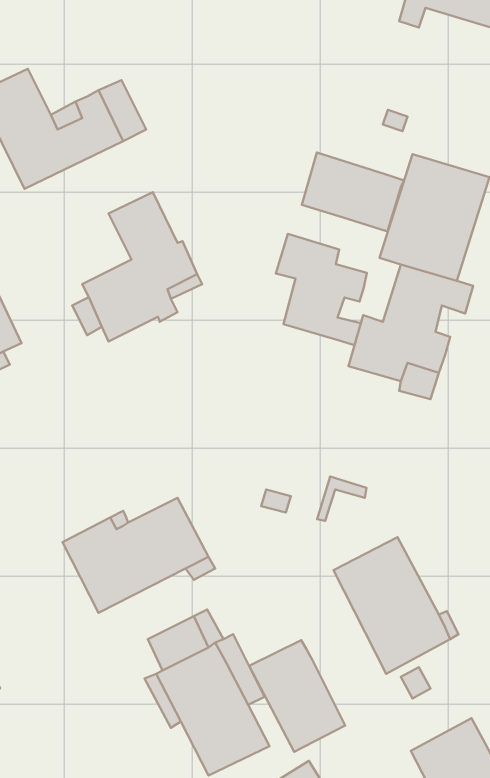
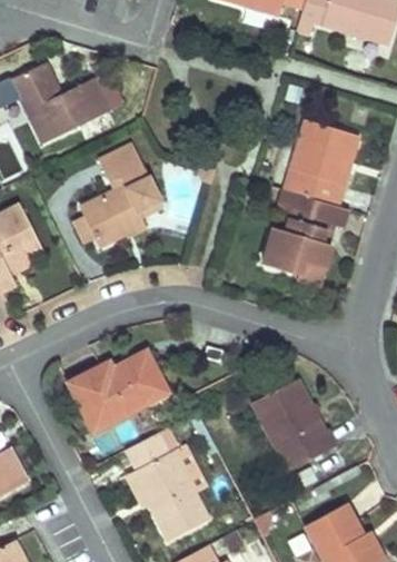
building: [302,152,404,232] -> none
building: [276,234,367,345] -> none
building: [249,640,345,752] -> none

